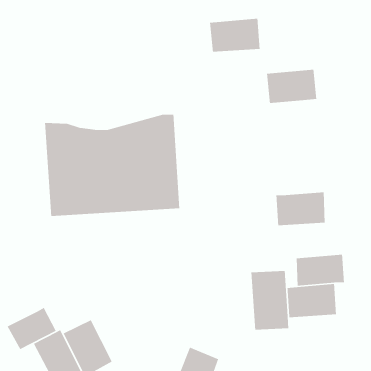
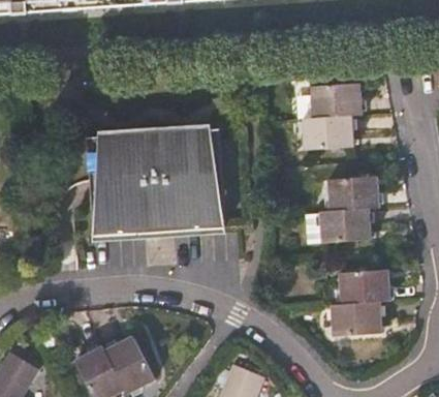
building: [209,18,260,53] -> [303,115,354,150]
building: none -> [328,177,379,210]
building: [251,270,289,331] -> none
building: [6,307,57,350] -> none

